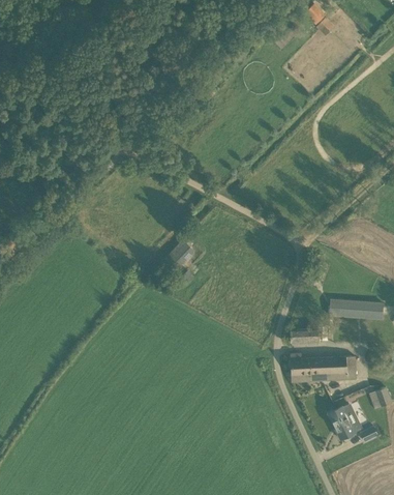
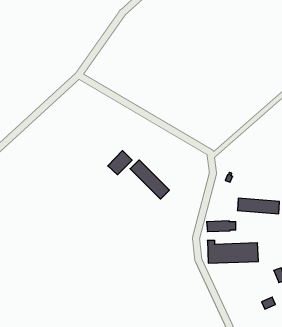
building: none -> [130,160,169,199]
building: [328,406,356,439] -> none

